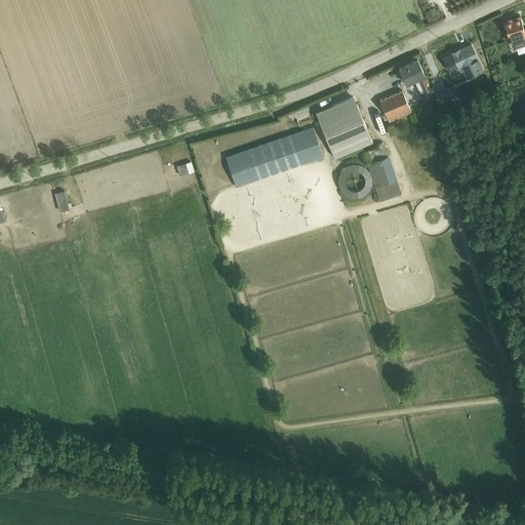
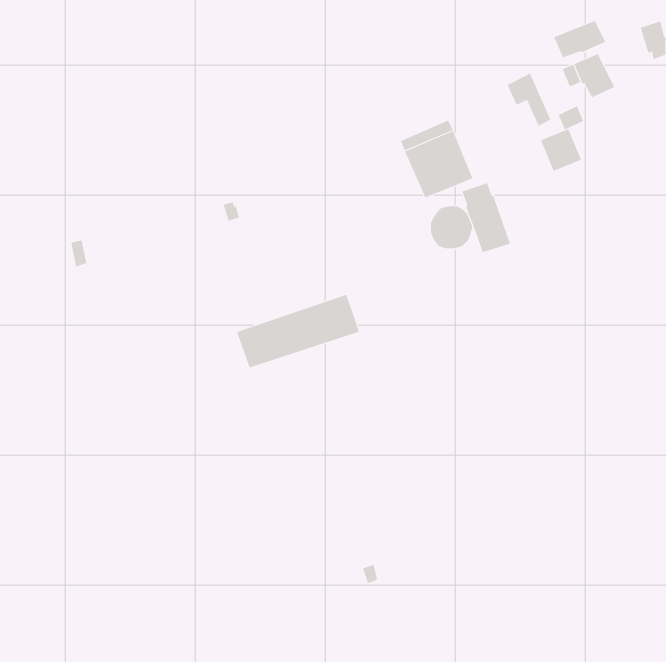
building: none -> [553,20,606,58]
building: [378,90,411,124] -> [540,128,582,171]
building: [226,128,323,187] -> [236,294,360,368]

